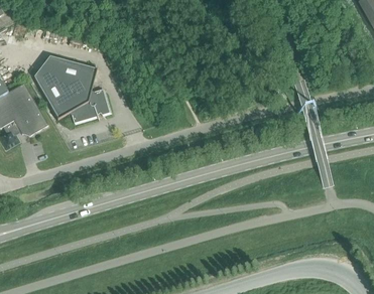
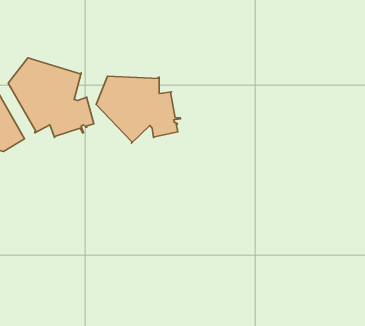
building: none -> [96,76,181,143]

